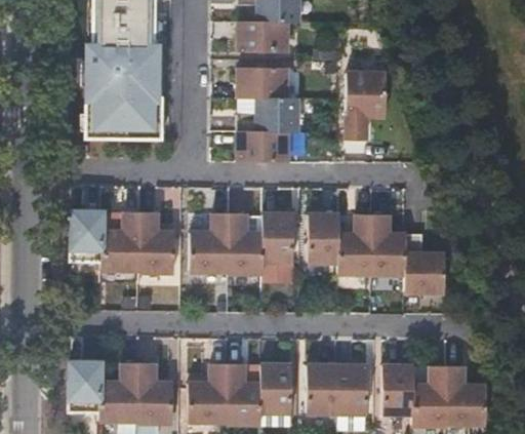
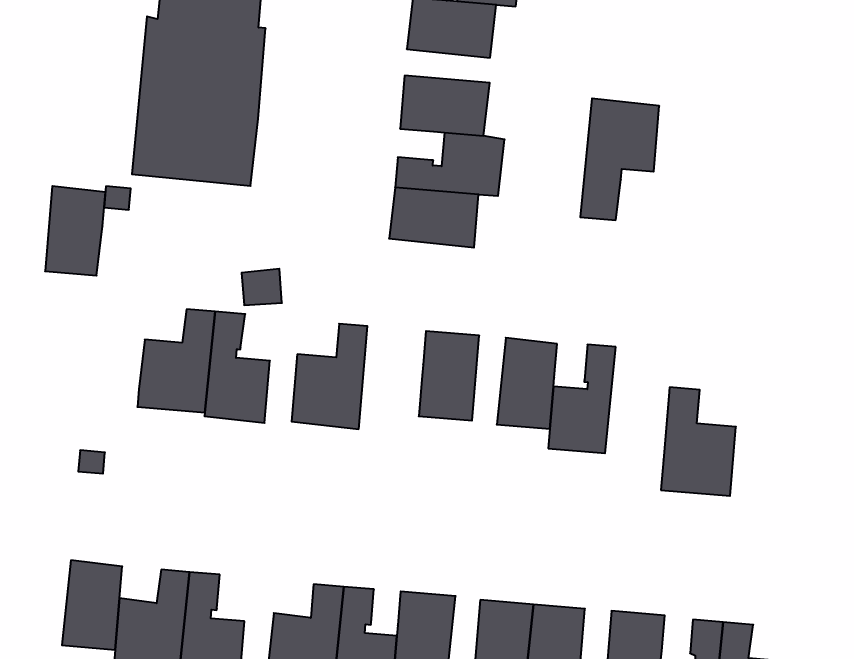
building: [71,211,102,261] -> [45,186,105,276]
building: [229,213,262,274] -> none
building: [371,213,405,276] -> none

